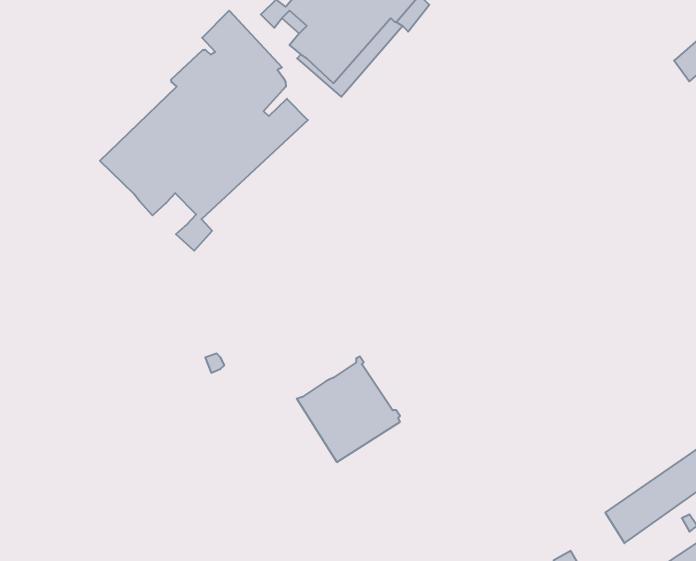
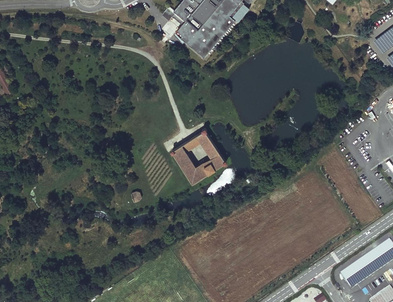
building: [100,11,308,251] -> none
building: [297,357,400,462] -> [171,128,225,183]

